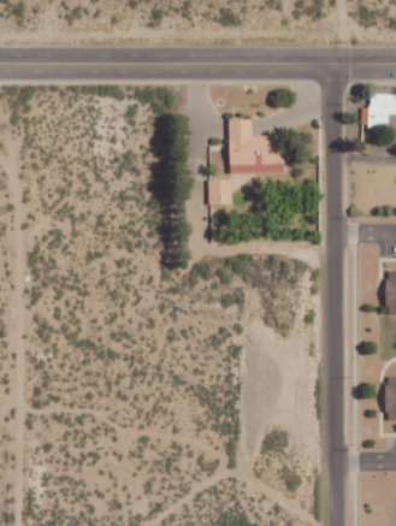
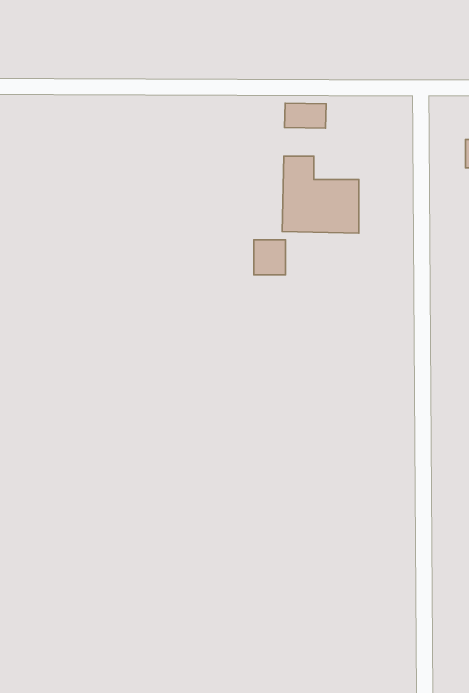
building: none -> [285,103,326,128]

